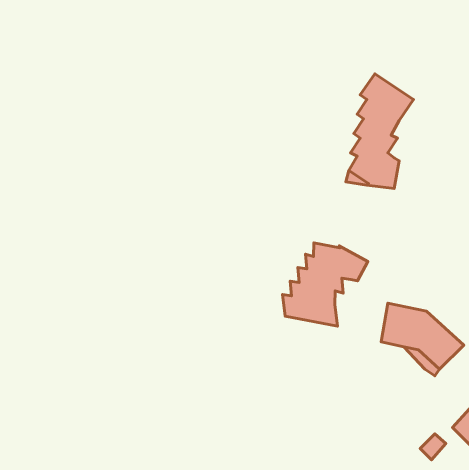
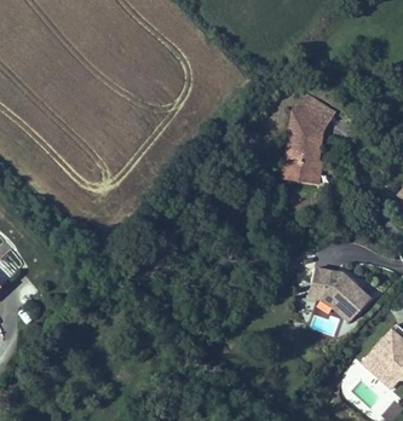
building: [283,243,368,326] -> none

